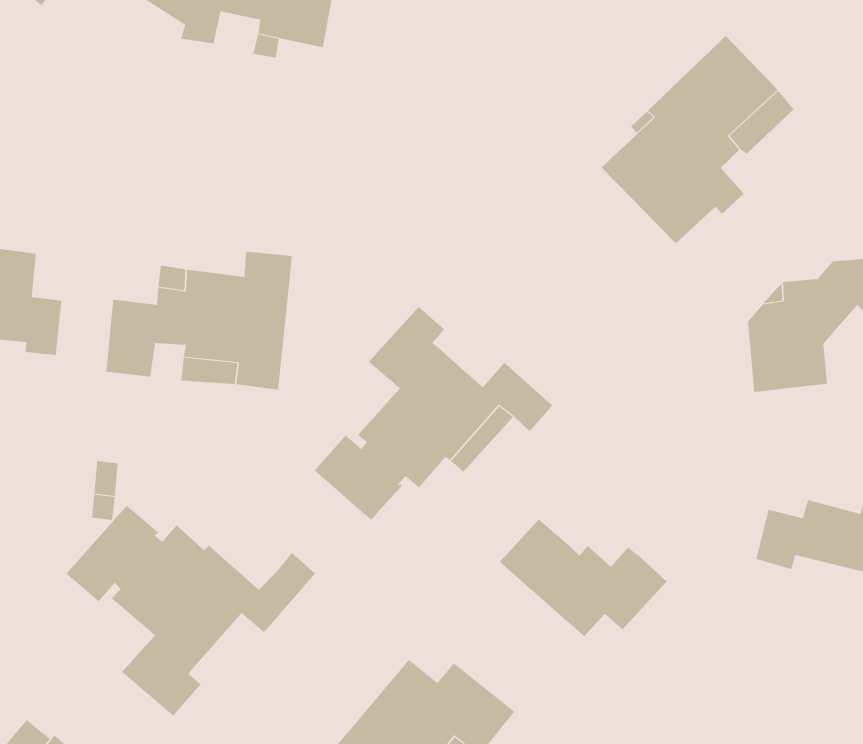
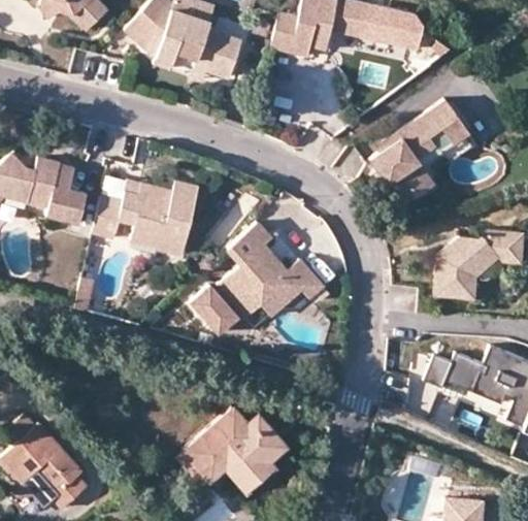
building: none -> [59,166,90,225]
building: [66,505,316,716] -> none
building: [499,518,667,637] -> none

